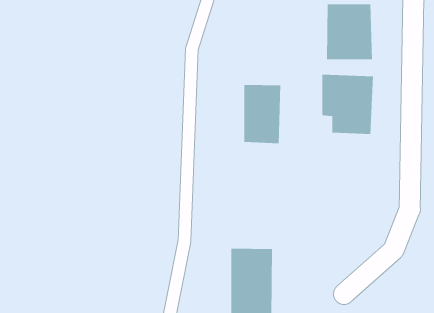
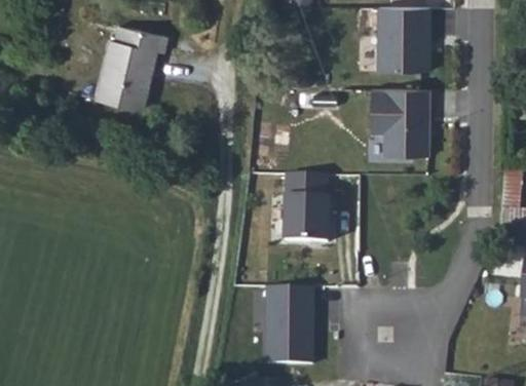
building: none -> [97,25,171,107]
building: [243,84,281,144] -> [285,173,328,241]

